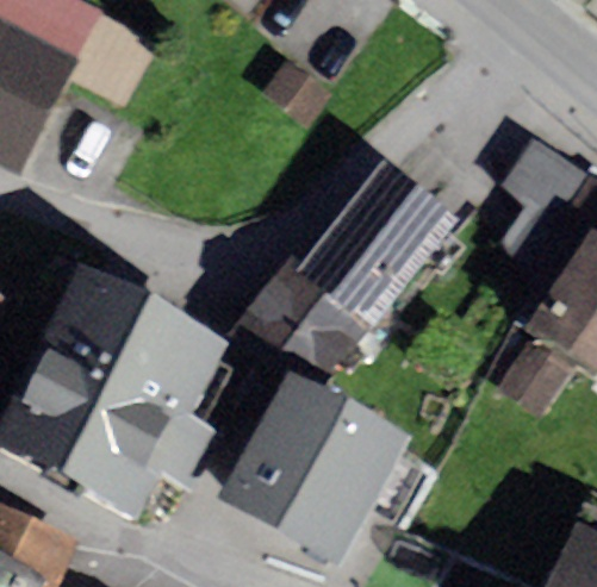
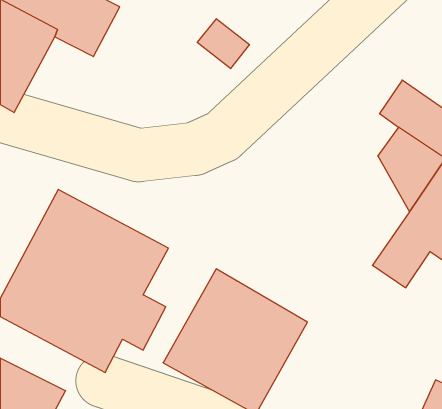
building: [229,161,455,395] -> none

